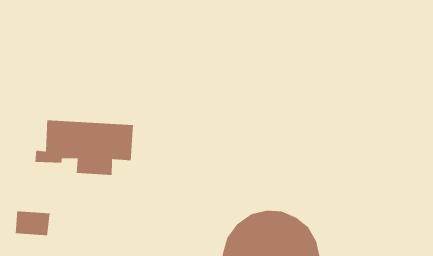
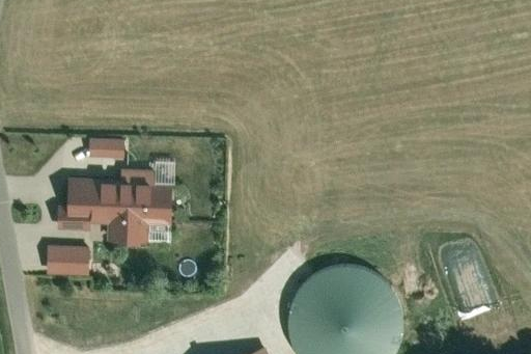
building: none -> [91,136,125,154]
building: [15,211,50,236] -> [49,246,88,273]

